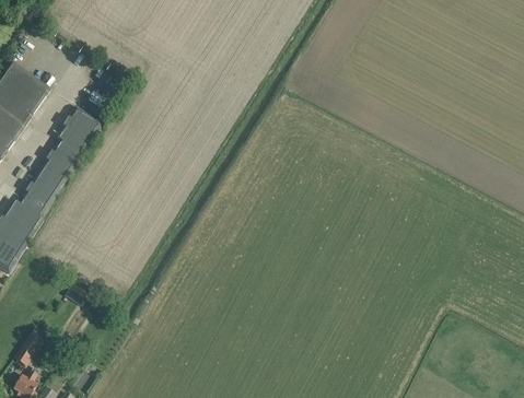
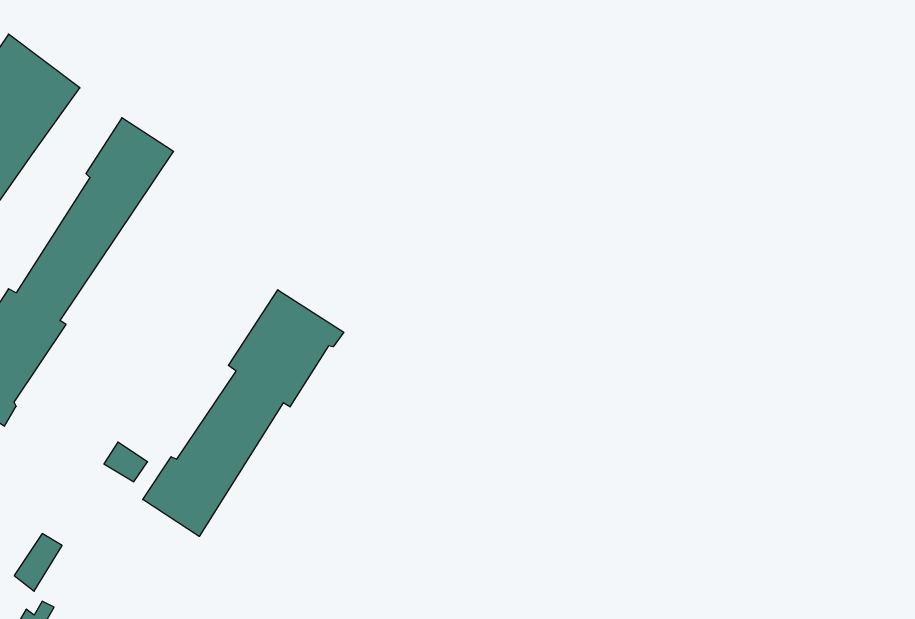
building: none -> [143,290,344,536]

